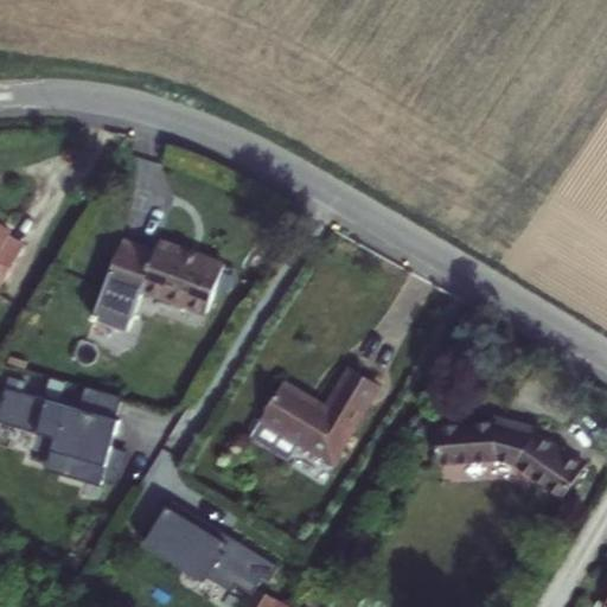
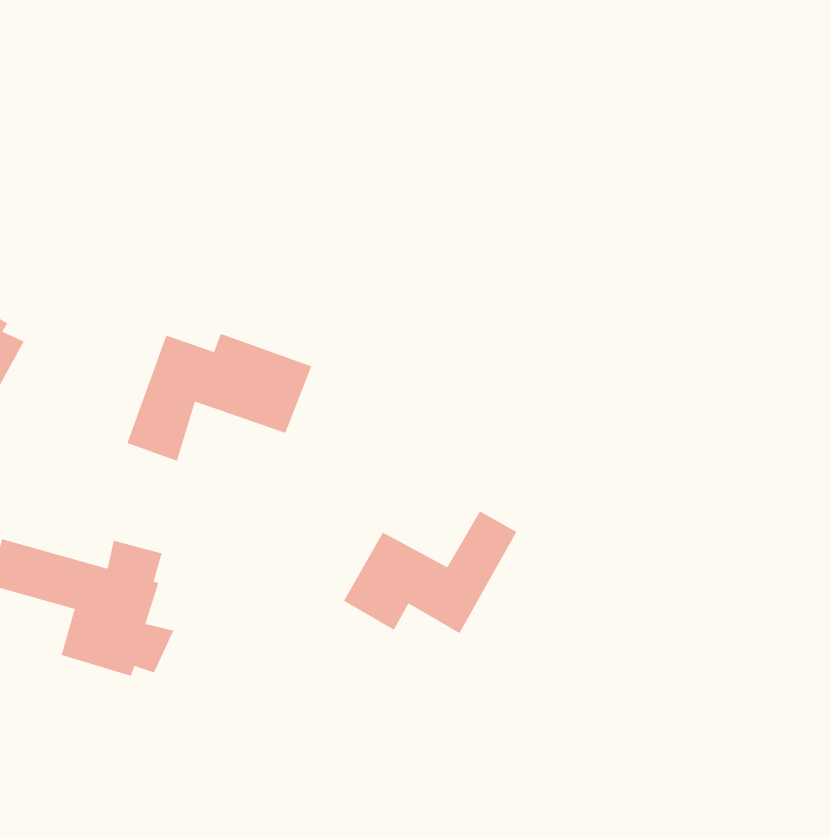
building: [433,417,587,500] -> none
building: [142,501,273,596] -> none

